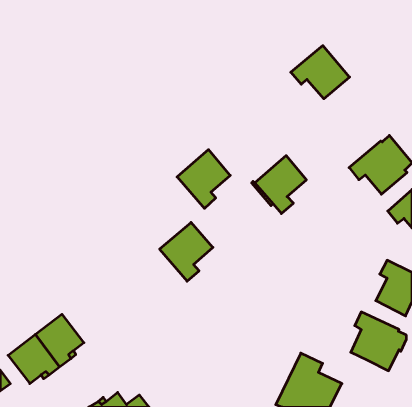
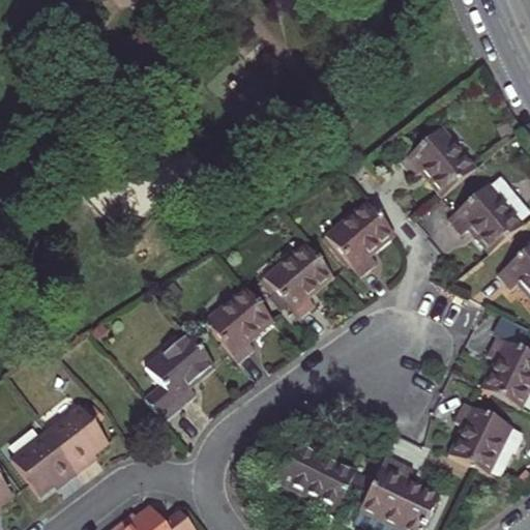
building: [291,46,350,99] -> [400,125,475,194]
building: [177,150,230,208] -> [265,241,333,317]
building: none -> [147,331,213,405]
building: none -> [275,434,355,507]

